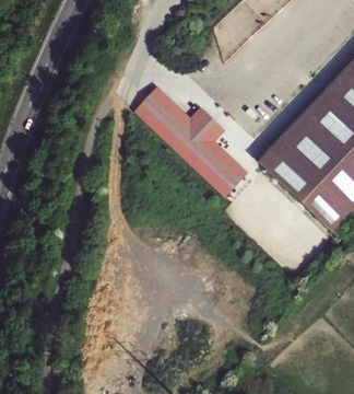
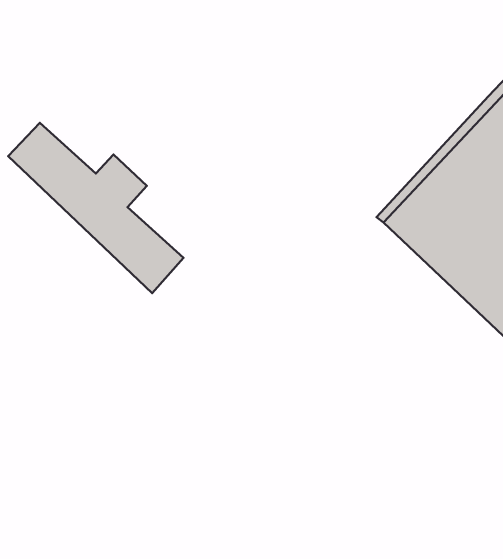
building: [135,88,245,194] -> [8,123,184,293]

